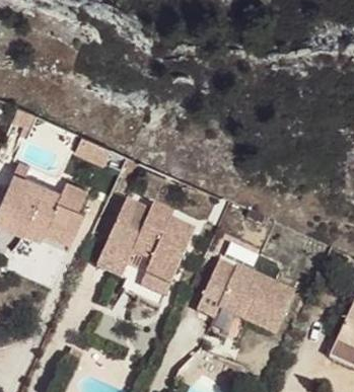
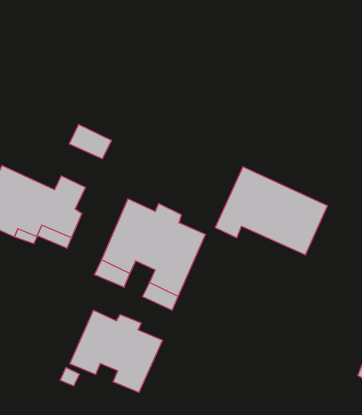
building: [196,255,295,333] -> [215,167,327,255]
building: none -> [70,310,163,392]

